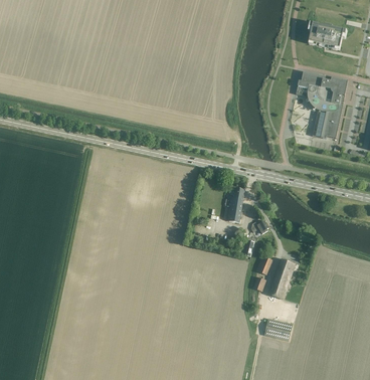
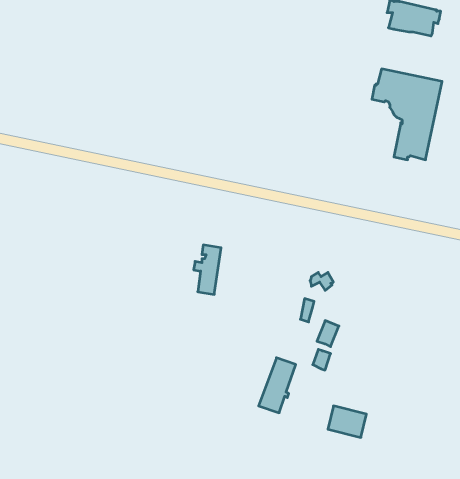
building: [224,186,244,222] -> [194,245,221,294]
building: [268,258,296,299] -> [259,358,296,413]

